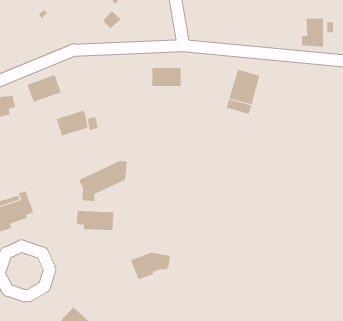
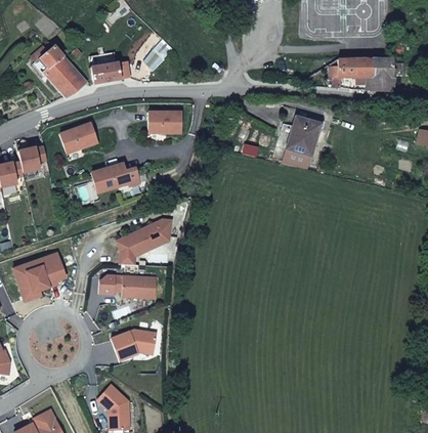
building: none -> [33,44,86,97]
building: none -> [328,58,374,87]
building: none -> [90,61,131,83]
building: [151,67,181,86] -> [148,111,182,132]
building: [130,252,171,280] -> [111,329,157,360]

